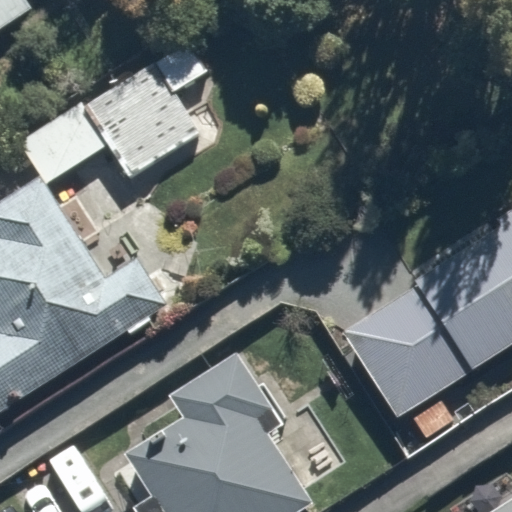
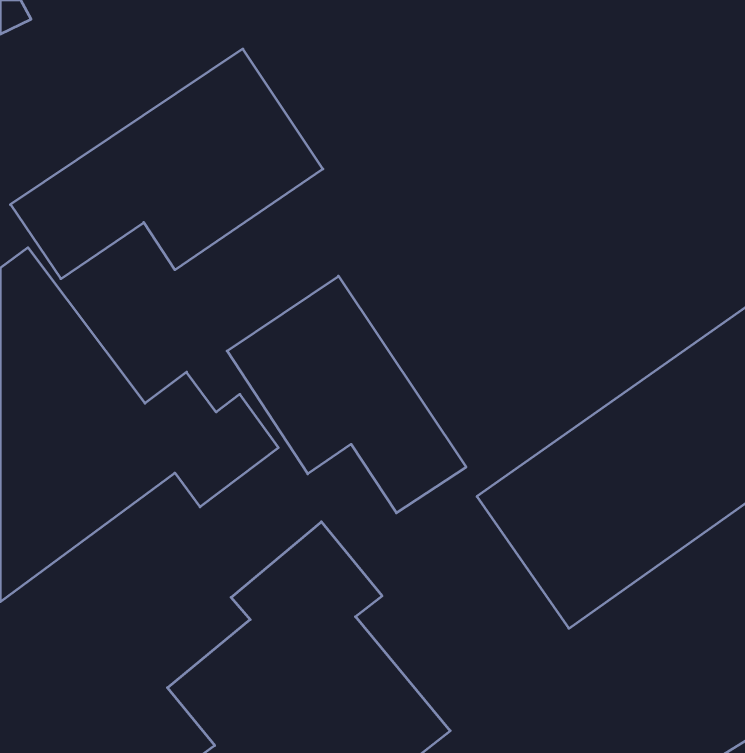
building: none -> [227,276,466,513]

